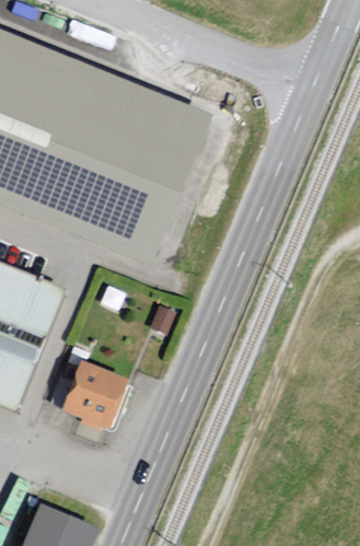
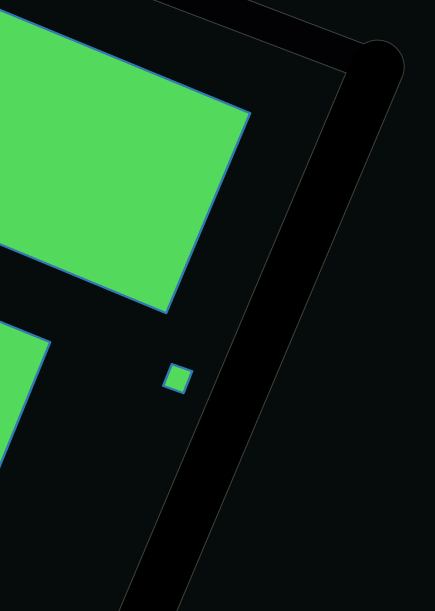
building: [61,362,130,428] -> none

